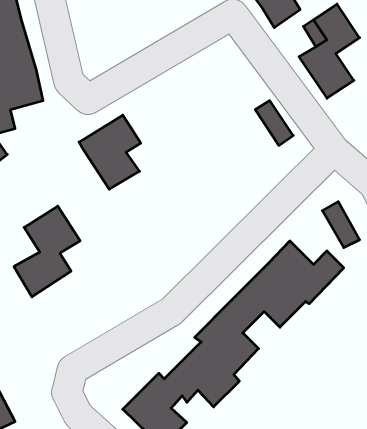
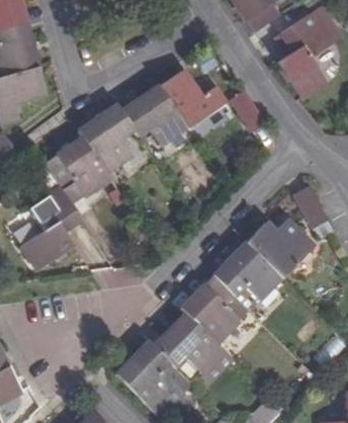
building: none -> [119,75,224,150]
building: none -> [40,140,107,199]

